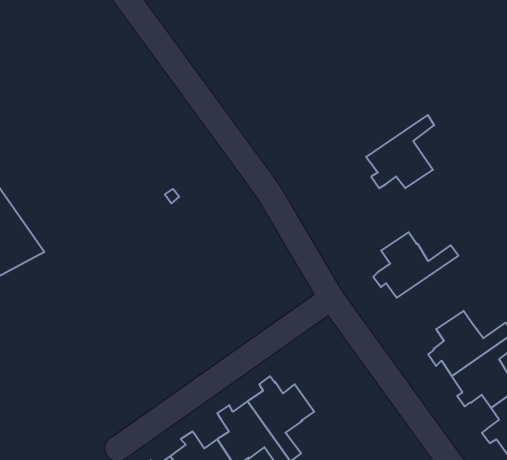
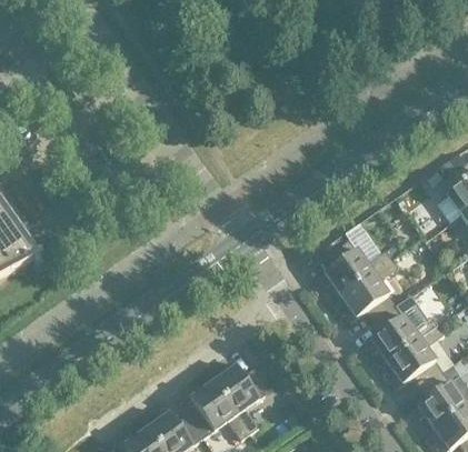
building: [366,115,434,188] -> [340,258,398,320]

